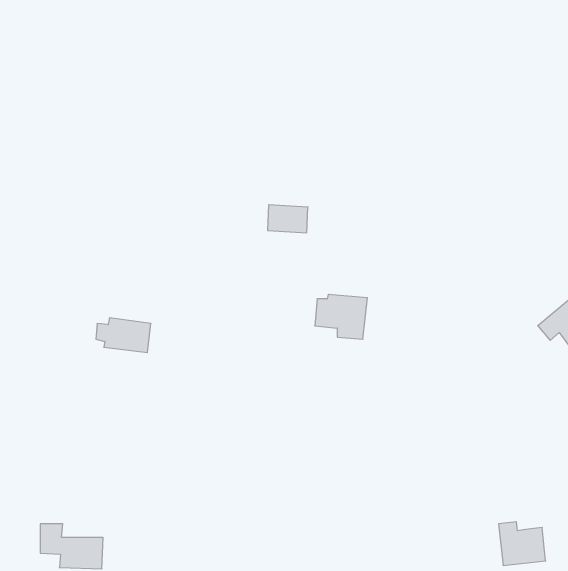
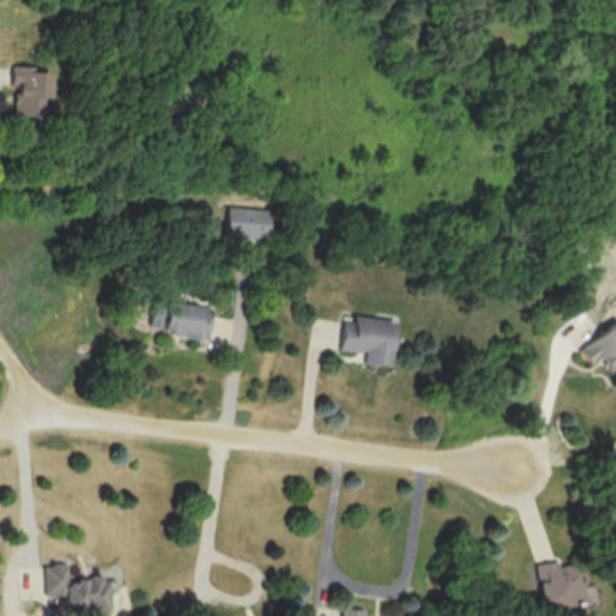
building: none -> [14,66,52,119]
building: [268,205,308,233] -> [230,208,273,238]
building: [96,318,151,353] -> [155,302,214,339]

